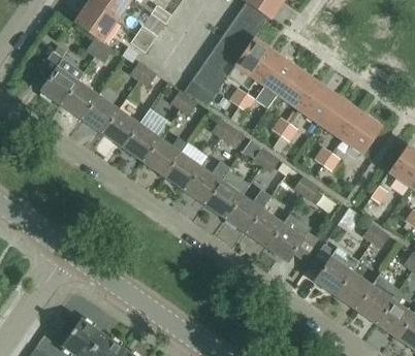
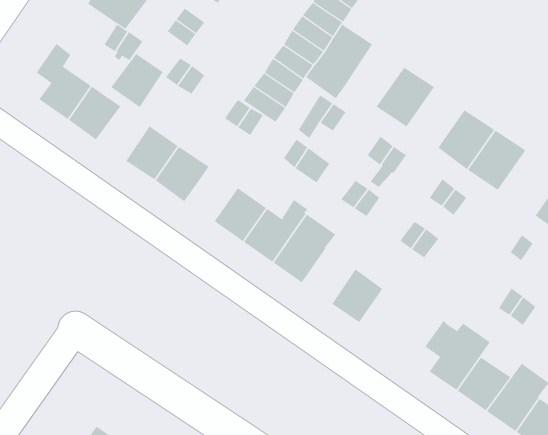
building: [256,52,296,95] -> none
building: [298,82,339,124] -> none
building: [81,95,118,133] -> [111,53,164,108]
building: [142,137,180,175] -> none
building: [225,189,270,233] -> none
building: [265,213,317,262] -> none

